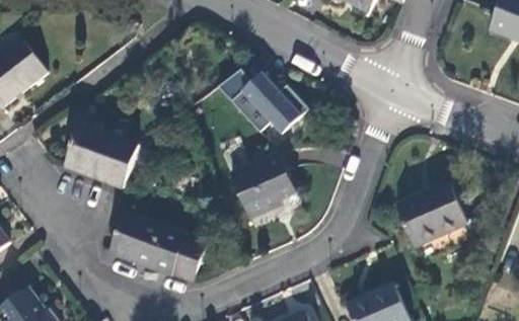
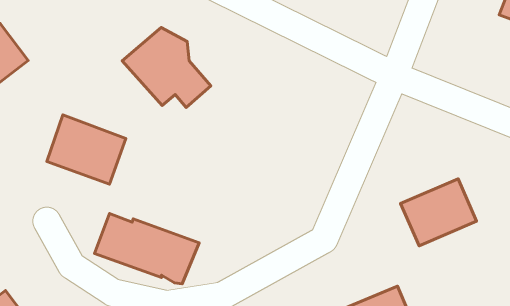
building: [223,55,306,130] -> [122,27,211,108]
building: [231,153,296,218] -> none

